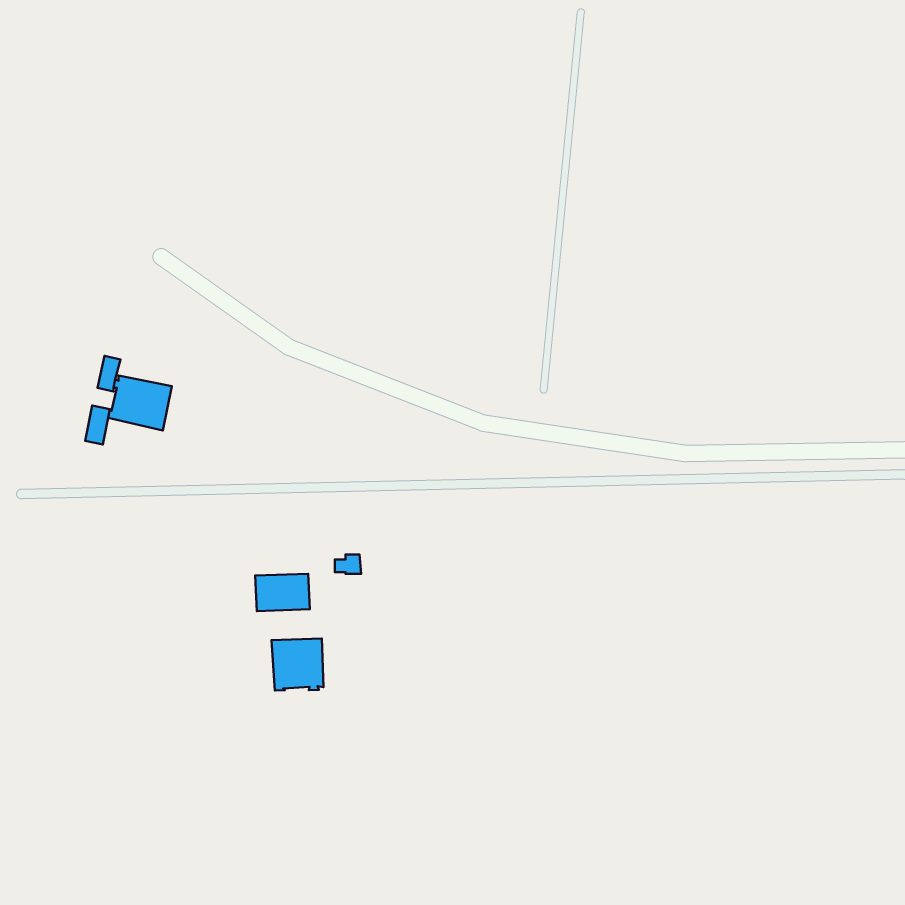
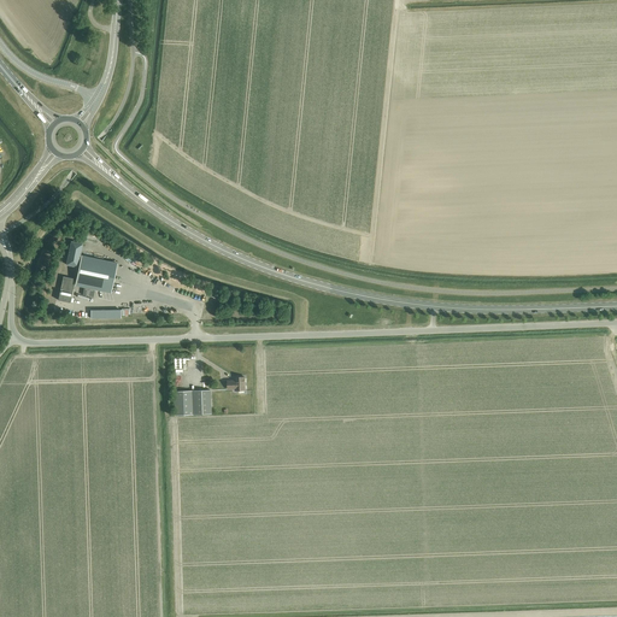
building: [271,638,323,691] -> none

